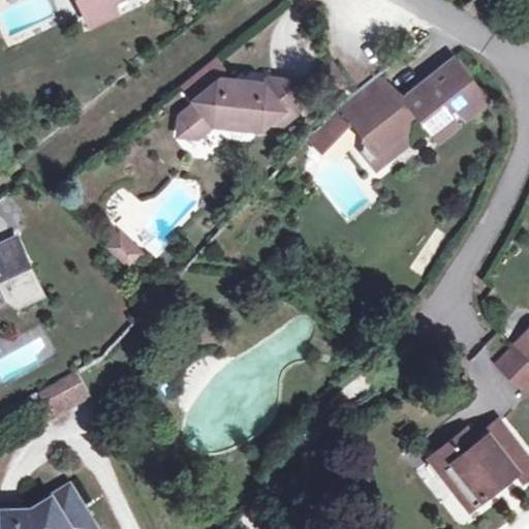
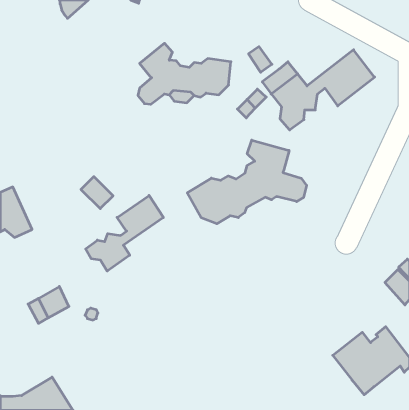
building: none -> [187,140,307,224]
building: none -> [86,195,163,271]

